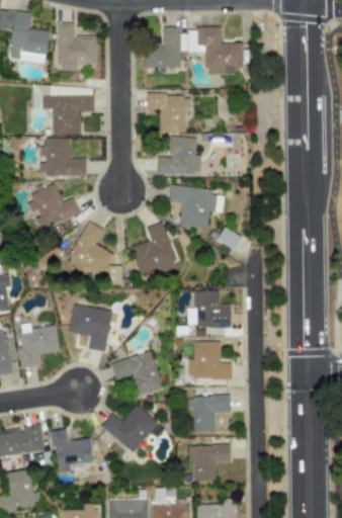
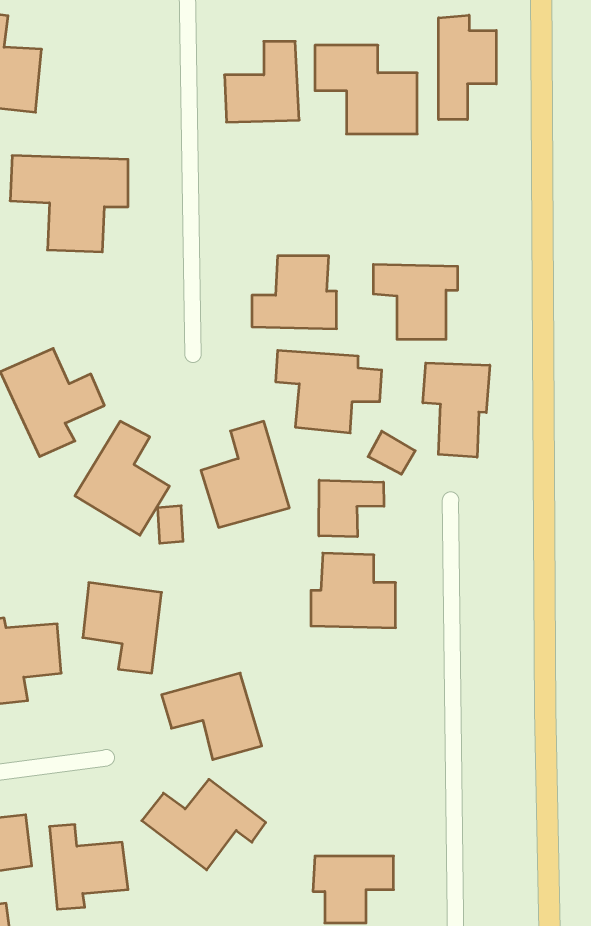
building: none -> [439,15,496,120]
building: [58,22,97,71] -> none
building: [148,94,191,133] -> [373,264,458,339]
building: [39,139,87,175] -> none
building: none -> [423,363,490,457]
building: none -> [319,480,384,537]
building: [188,341,232,378] -> none
building: [188,396,232,431] -> none

